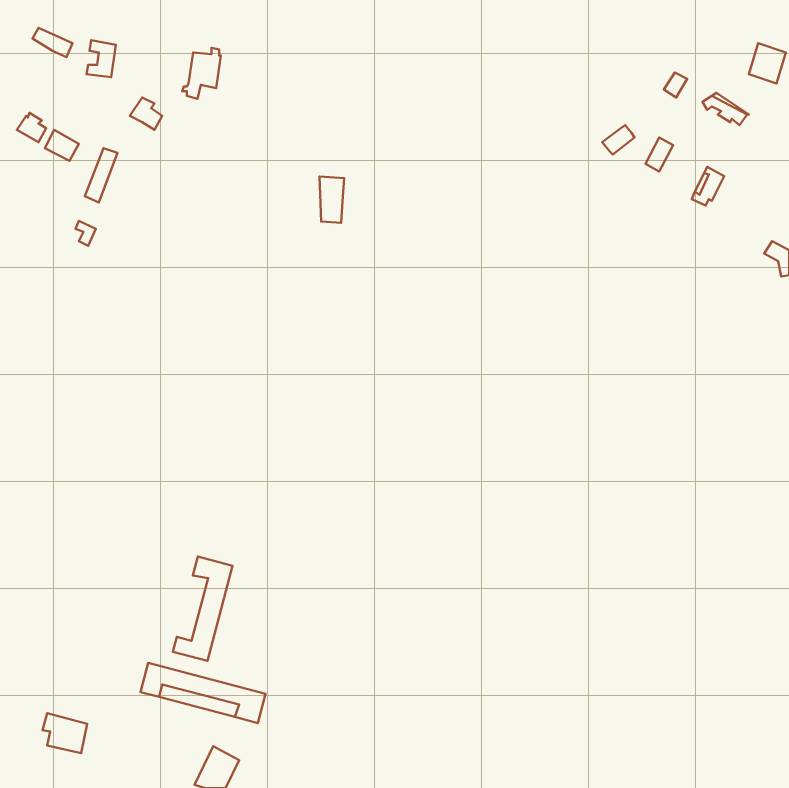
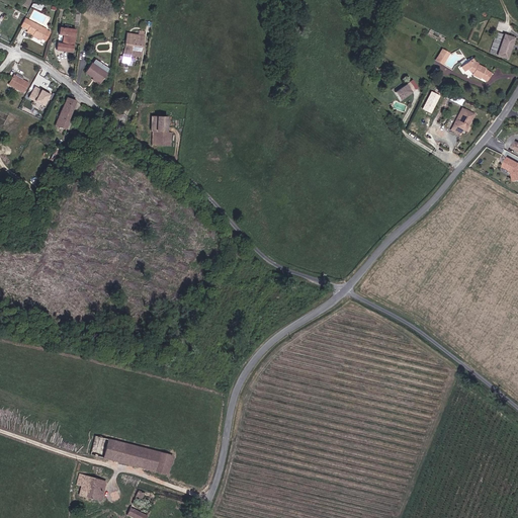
building: [319,177,344,223] -> [152,114,168,145]
building: [173,557,233,661] -> none
building: [42,713,87,753] -> [77,472,106,499]

